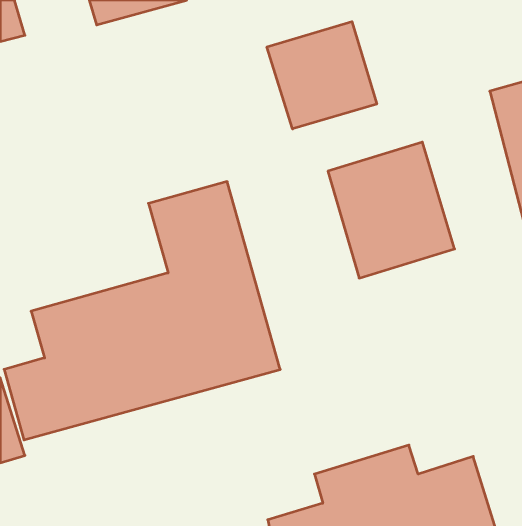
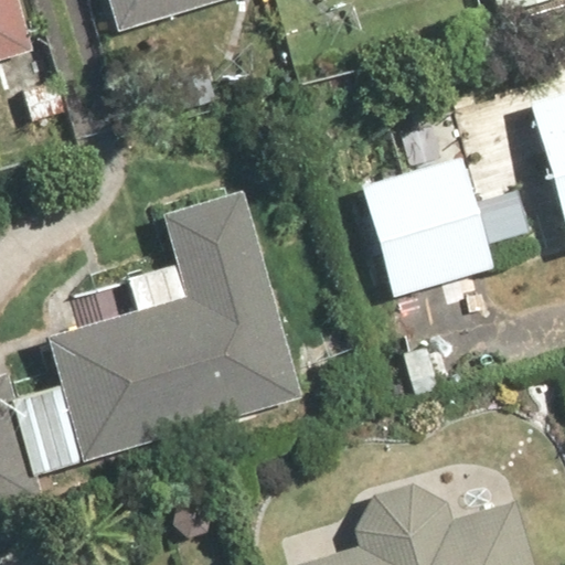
building: [267,22,377,129] -> none

